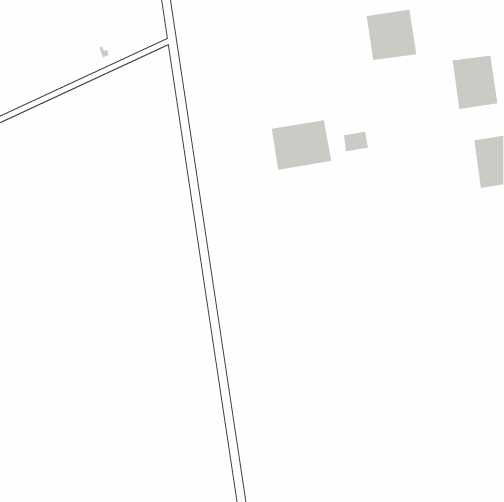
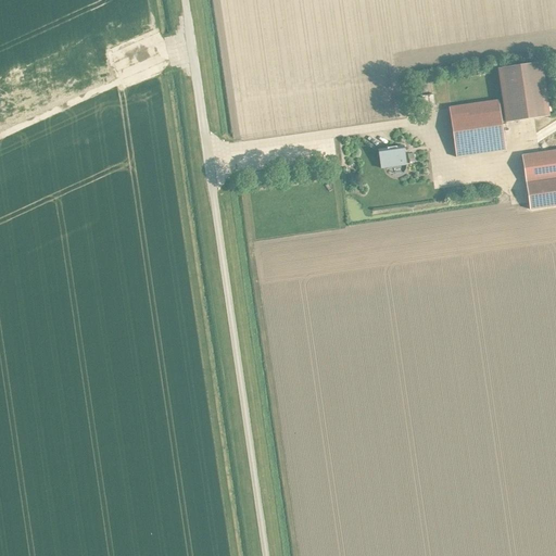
building: [366,9,417,60] -> [448,99,505,155]
building: [271,120,332,170] -> none

